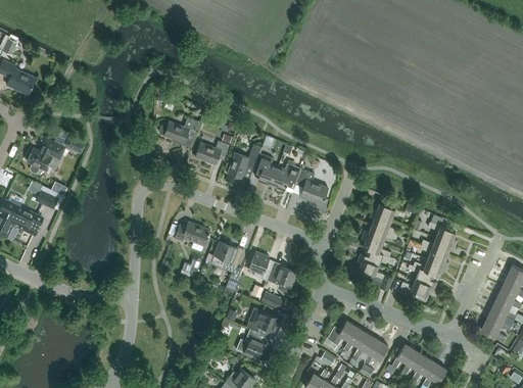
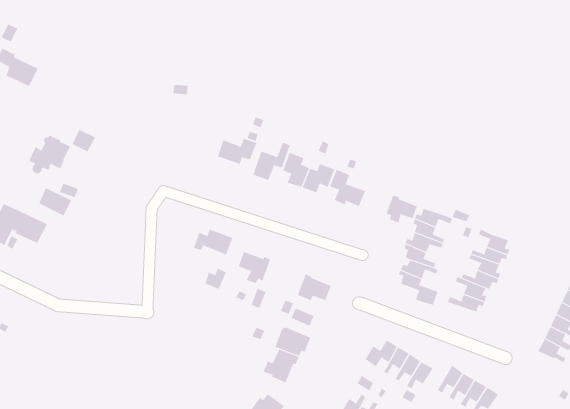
building: [158,116,200,148] -> none
building: none -> [386,195,417,224]
building: [249,251,274,281] -> none

